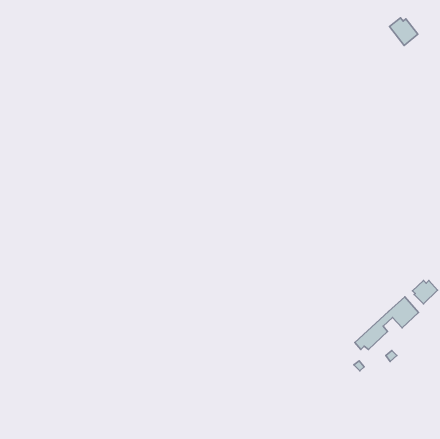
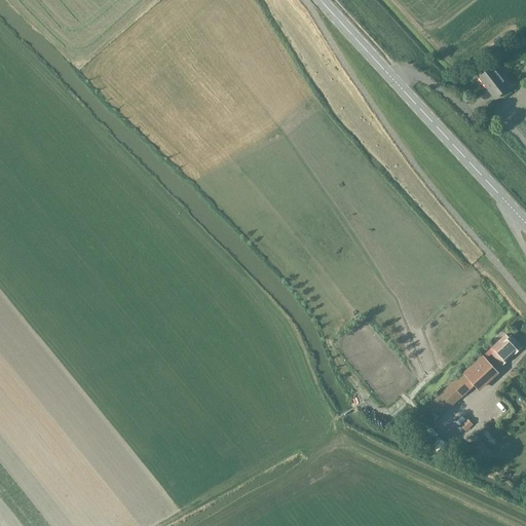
building: [389,18,418,45] -> [478,64,512,97]

